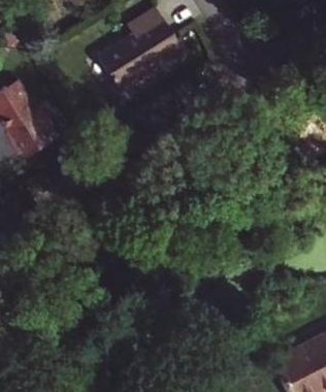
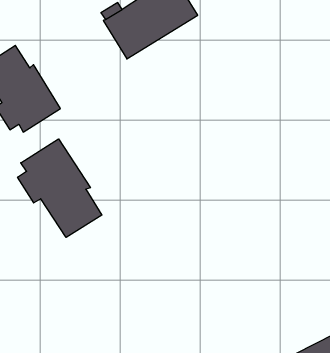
building: none -> [18,139,102,237]

